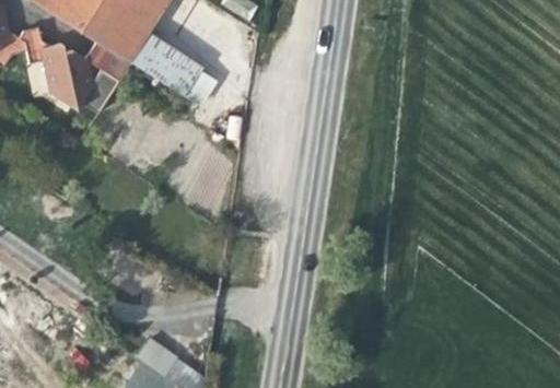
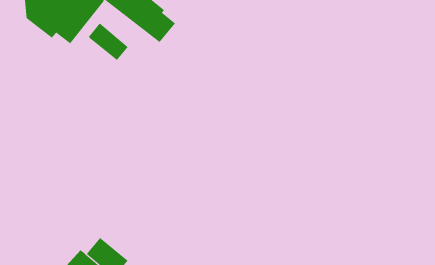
building: none -> [88,23,129,61]

